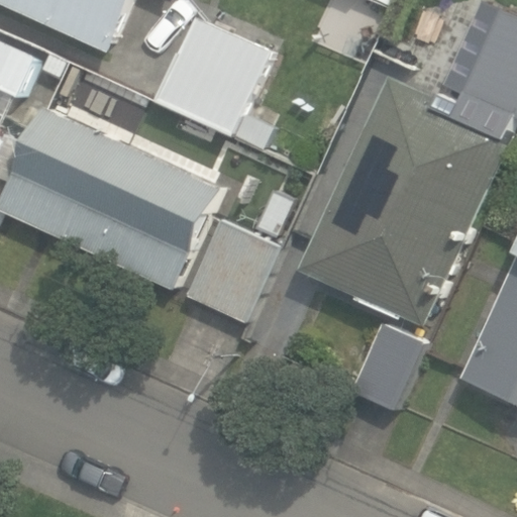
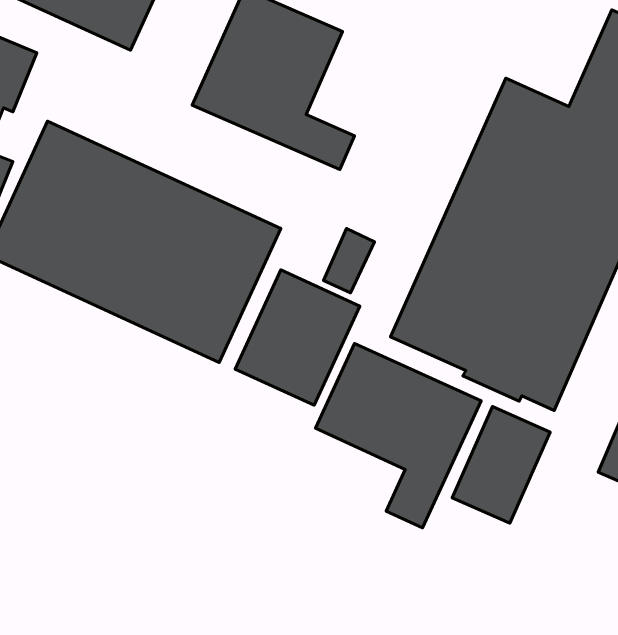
building: none -> [316,344,481,528]

